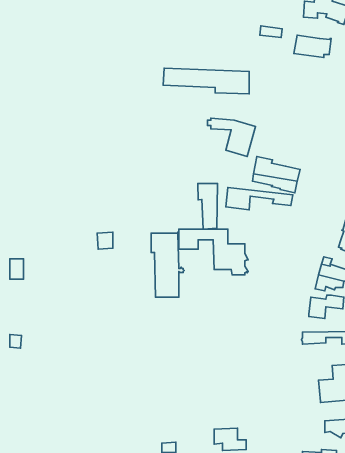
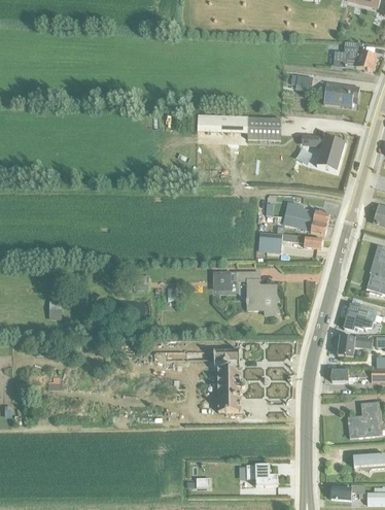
building: [208,118,256,156] -> [299,134,345,171]
building: [198,183,218,229] -> none
building: [151,232,184,297] -> [213,348,245,411]

